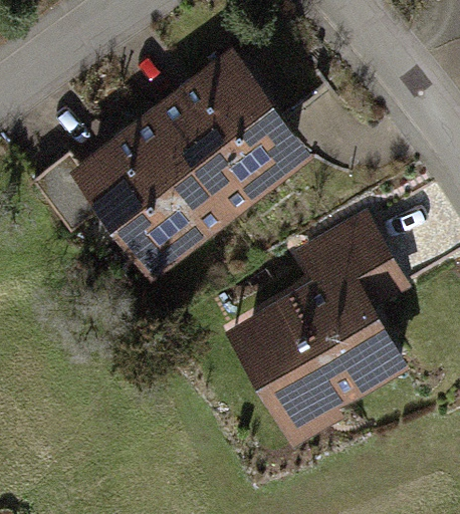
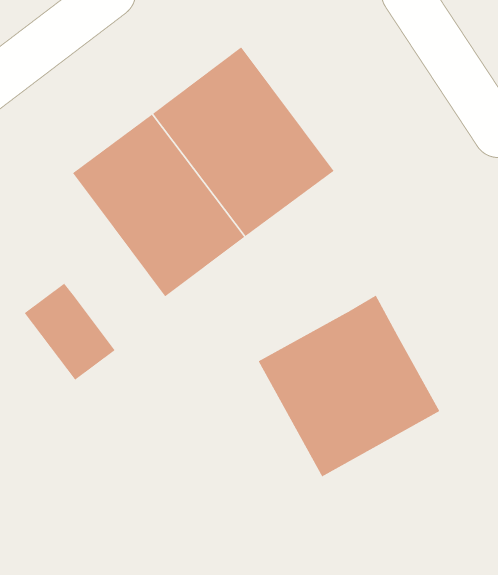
building: [37,150,117,234] -> [24,283,115,380]
building: [304,219,397,301] -> none

